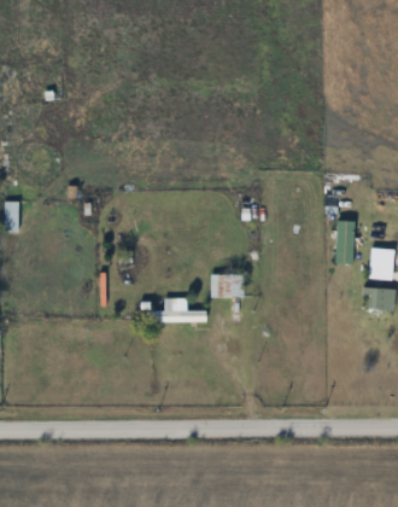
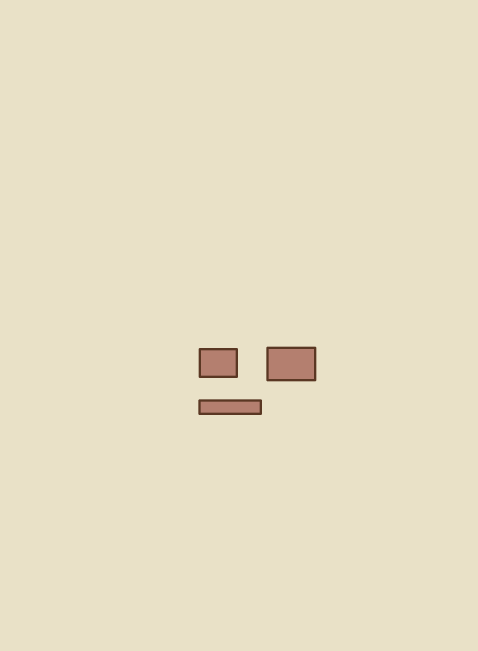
building: none -> [200,349,237,377]

